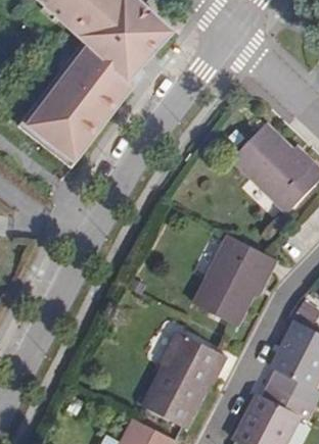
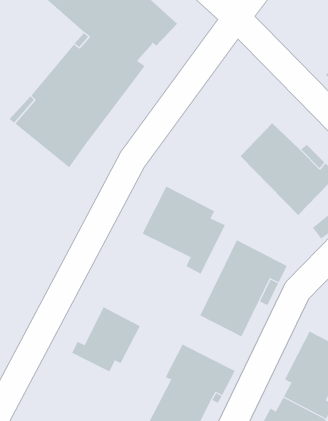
building: none -> [142,186,225,274]
building: none -> [71,307,141,372]

